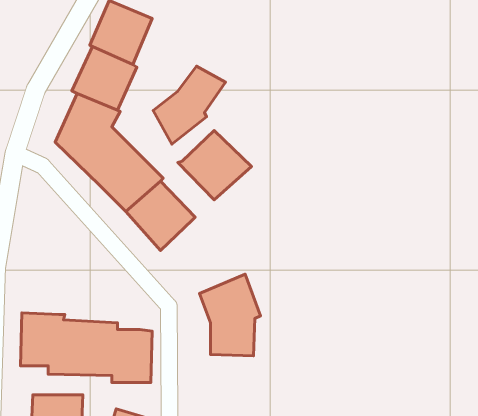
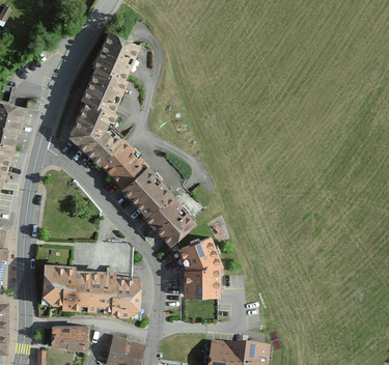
building: [153,66,226,144] -> none
building: [178,130,251,200] -> [144,195,199,247]
building: none -> [72,240,133,277]

